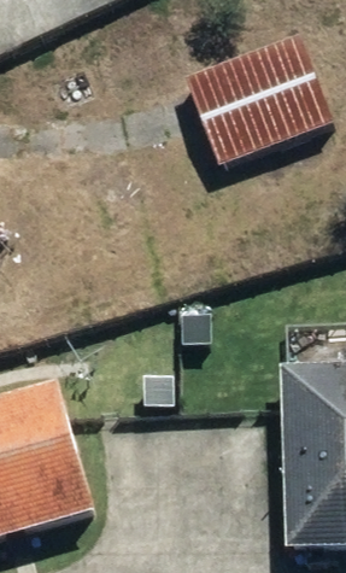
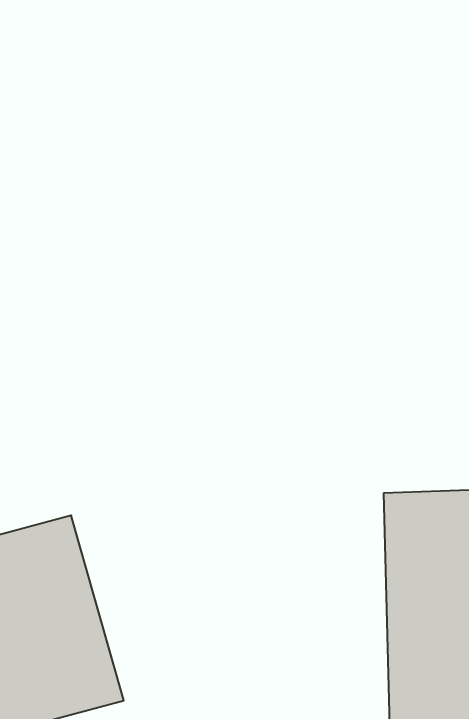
building: [183,34,330,163] -> none

